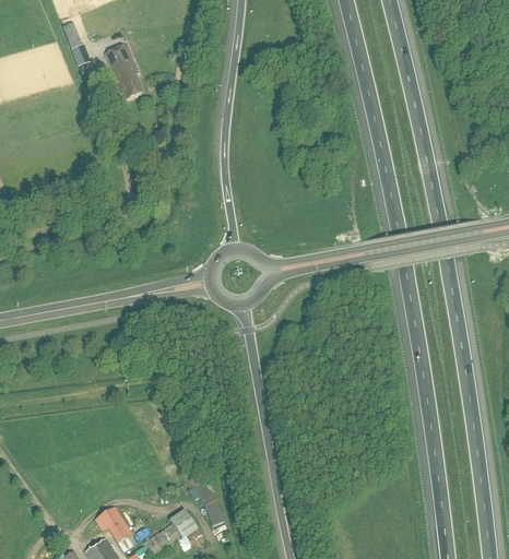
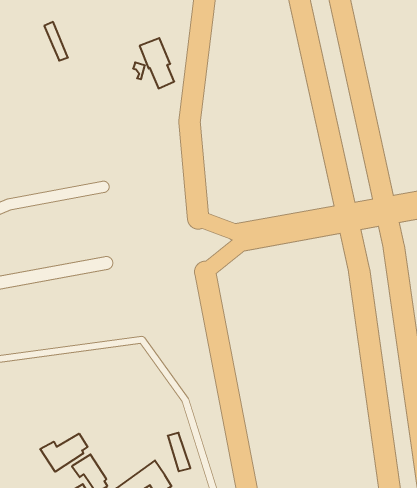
building: [105,43,143,98] -> [140,38,174,88]
building: none -> [40,434,88,472]

